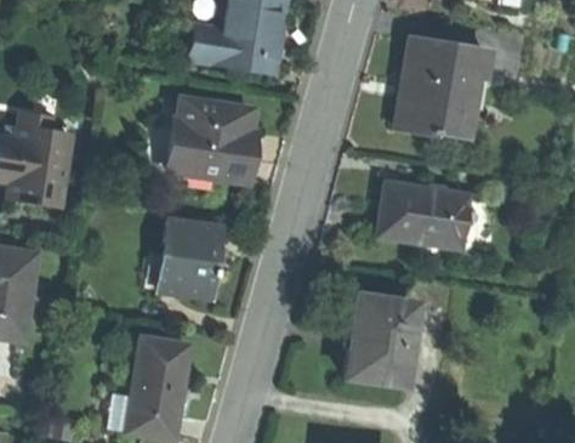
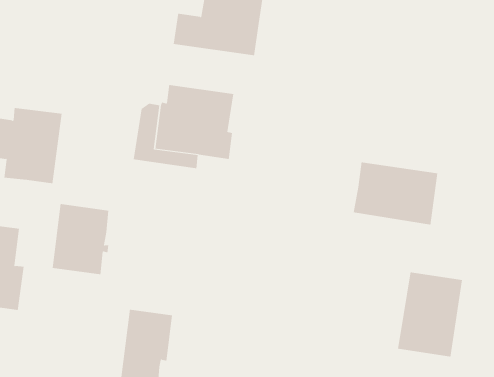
building: [405,39,490,135] -> none
building: [160,221,221,296] -> [52,203,109,275]
building: [347,294,416,384] -> [397,272,463,357]

